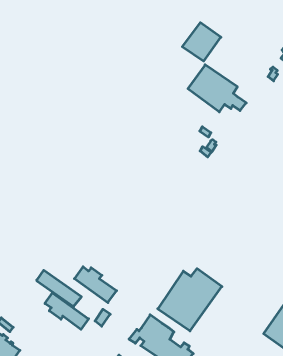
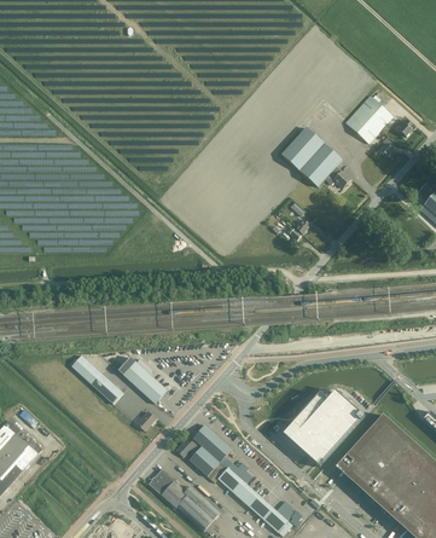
building: [182,23,221,61] -> [344,97,393,144]
building: [158,269,222,331] -> [280,393,361,468]
building: [45,293,89,329] -> none

